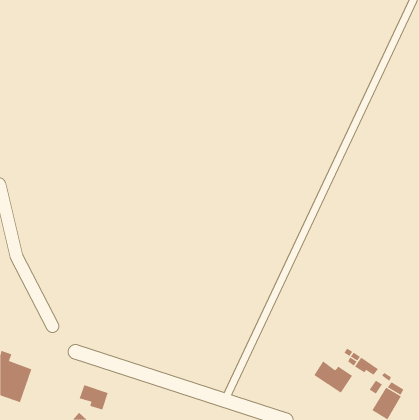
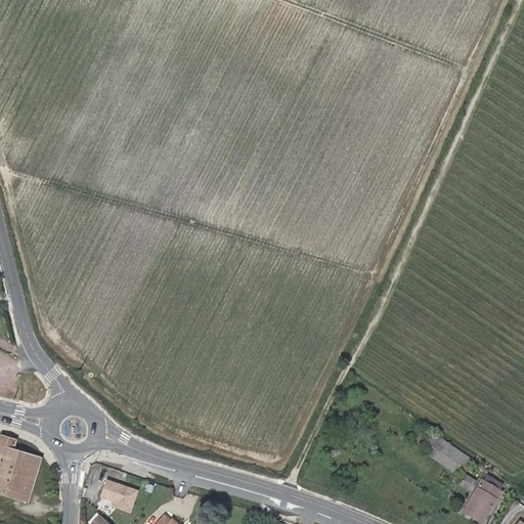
building: [314,361,353,393] -> none

